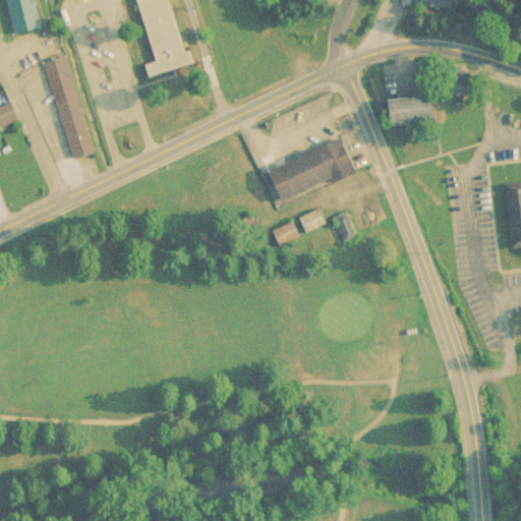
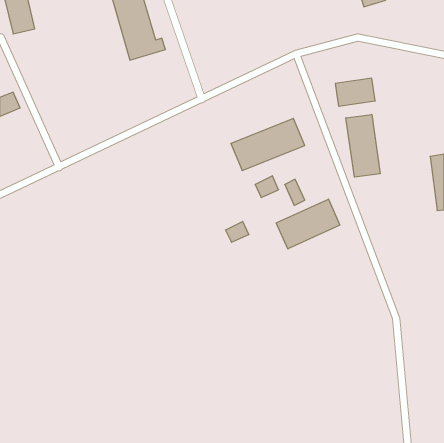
building: [46,60,97,164] -> none
building: none -> [346,114,380,177]
building: [273,219,300,243] -> [225,221,249,242]
building: none -> [276,199,340,249]

